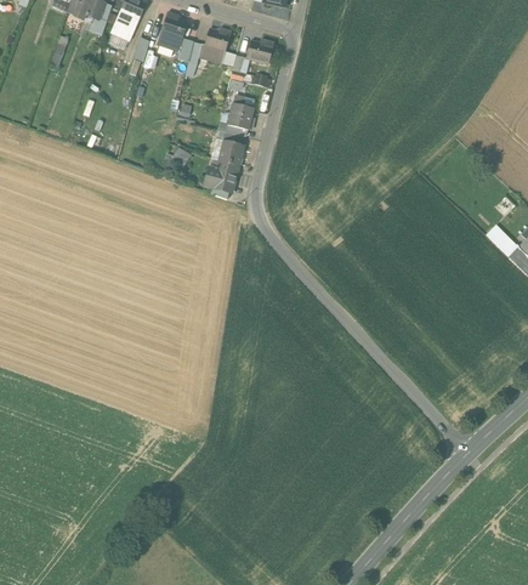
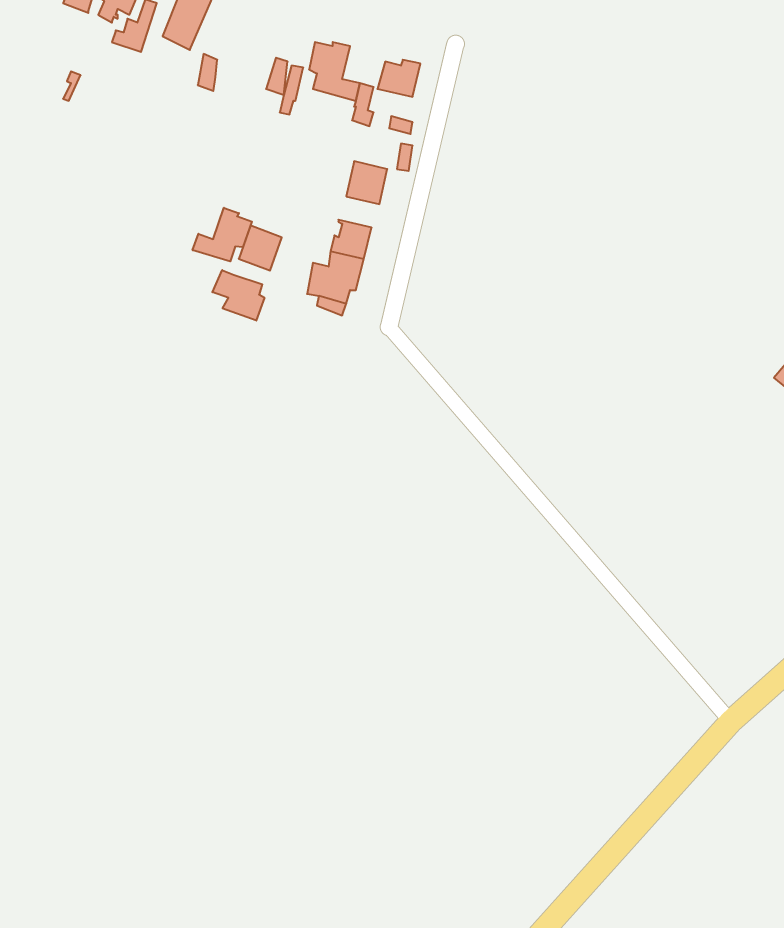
building: [155,11,184,47] -> none
building: none -> [193,208,252,261]
building: none -> [212,270,264,321]

